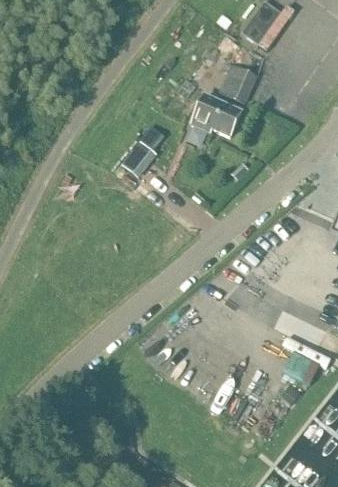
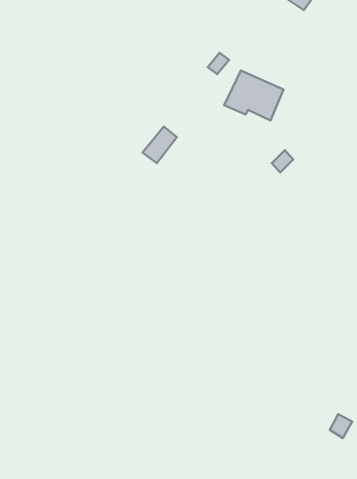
building: [219,64,257,103] -> none

